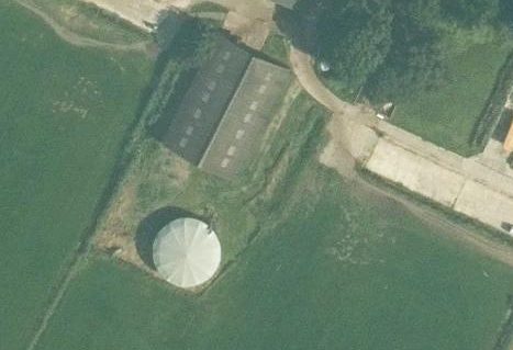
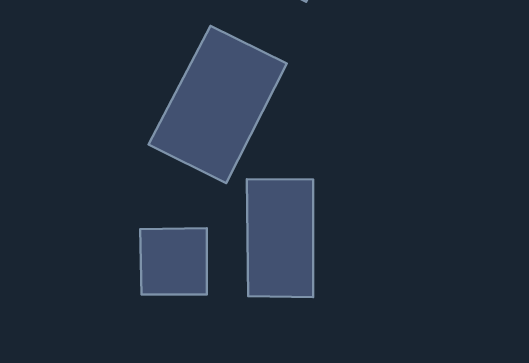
building: none -> [247,179,313,297]

